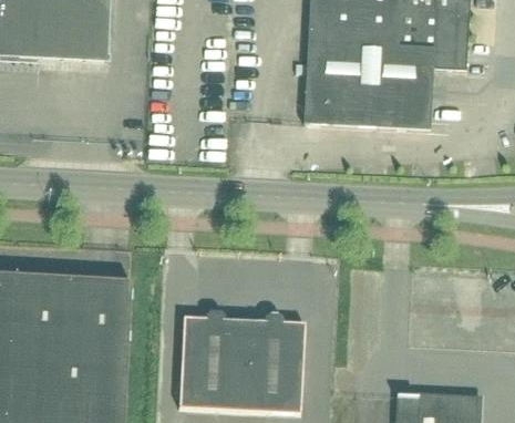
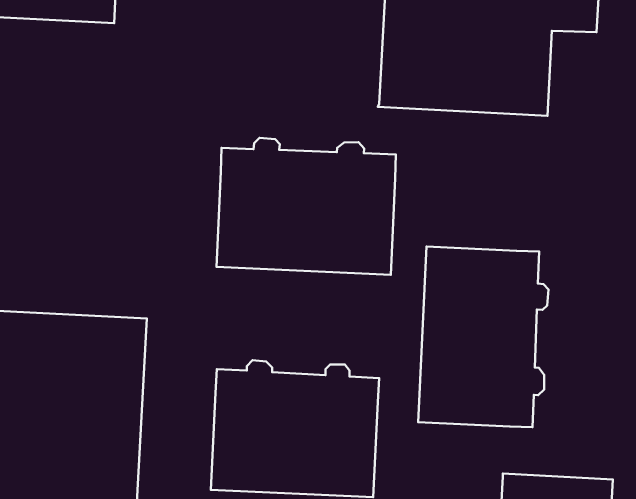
building: none -> [217,138,396,275]
building: none -> [418,247,549,427]

